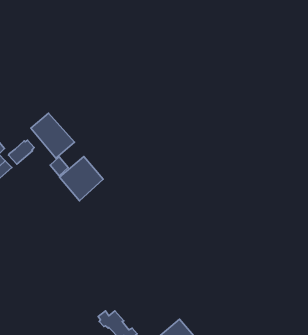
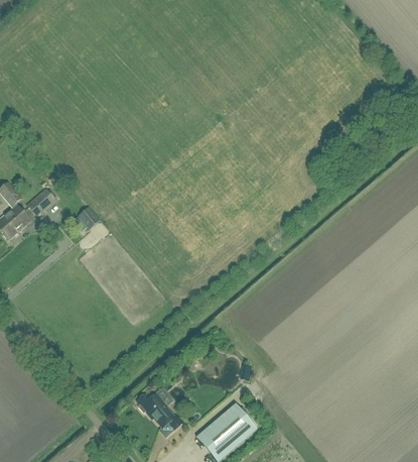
building: [31,113,74,158] -> none
building: [59,156,103,201] -> none

